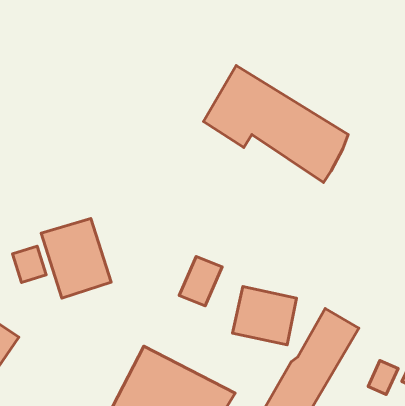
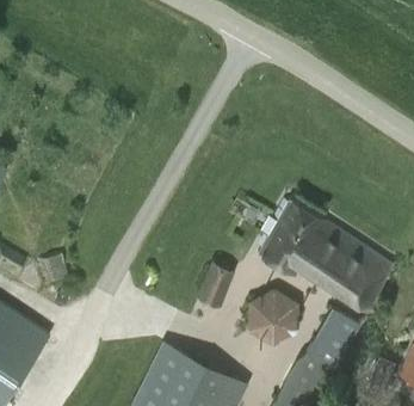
building: [204,65,348,183] -> [258,202,390,309]
building: [41,219,111,298] -> none

